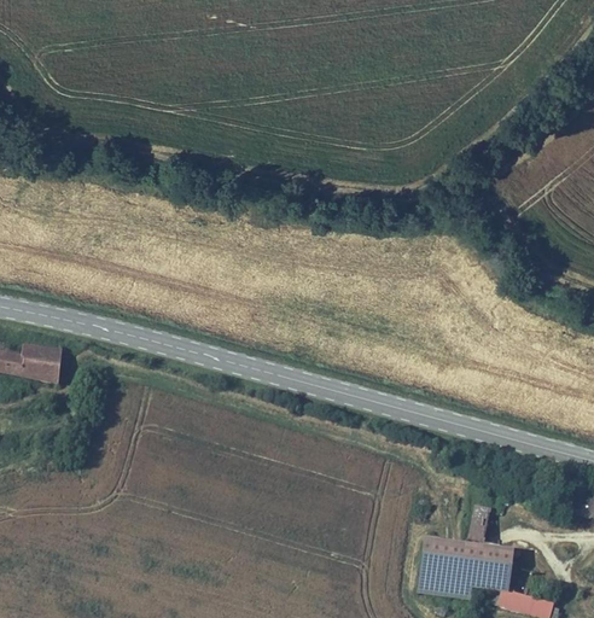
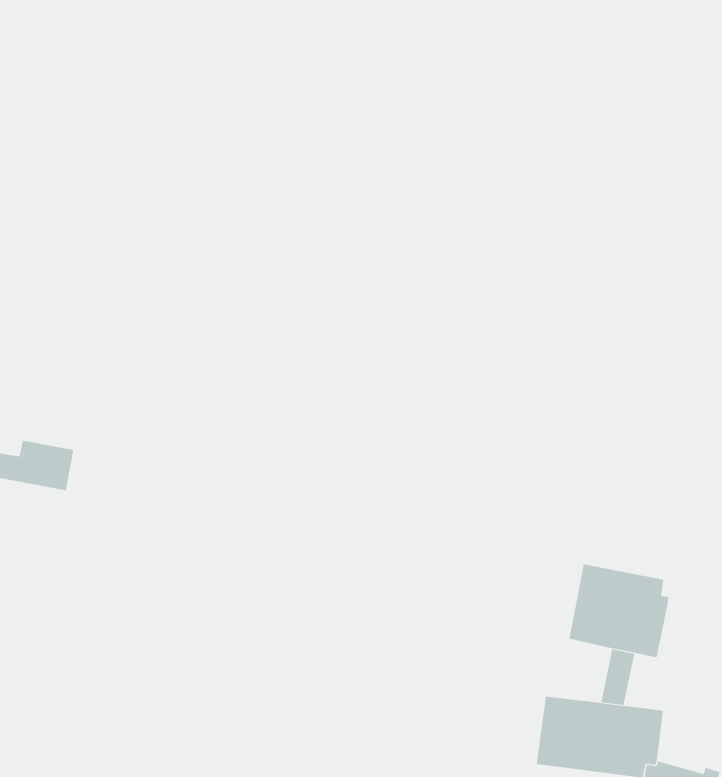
building: none -> [569,564,669,658]

